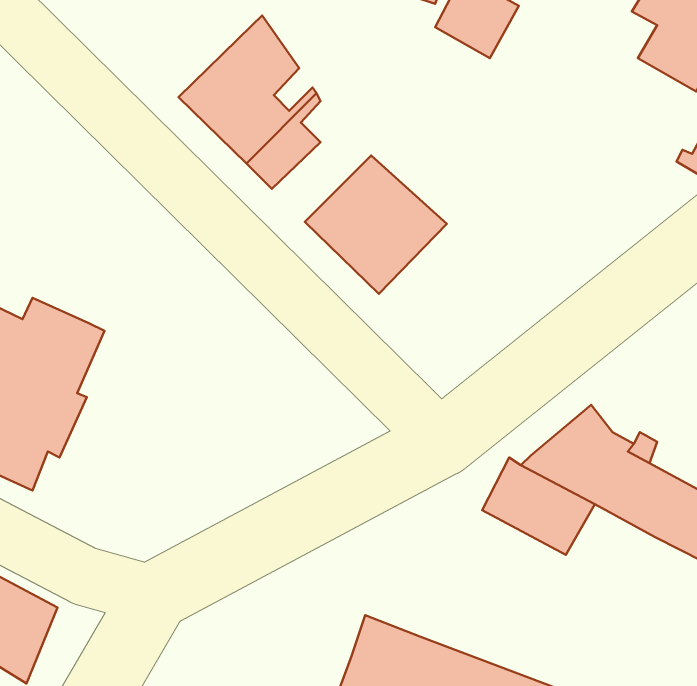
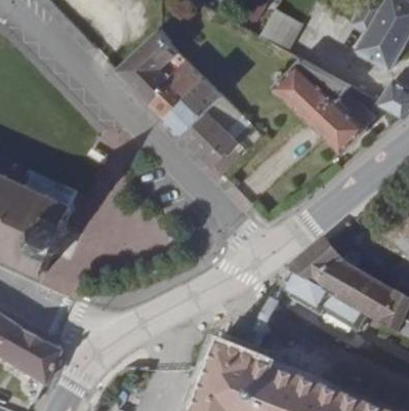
building: none -> [275,60,365,152]
building: none -> [167,87,219,137]
building: none -> [322,286,369,331]

